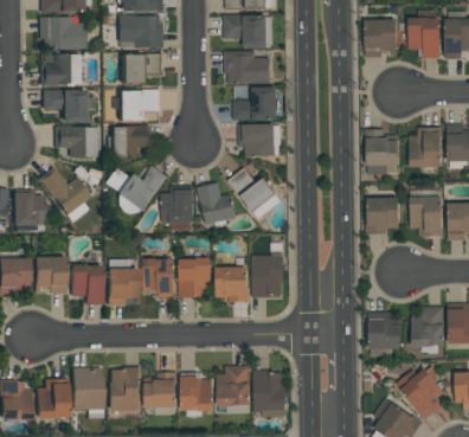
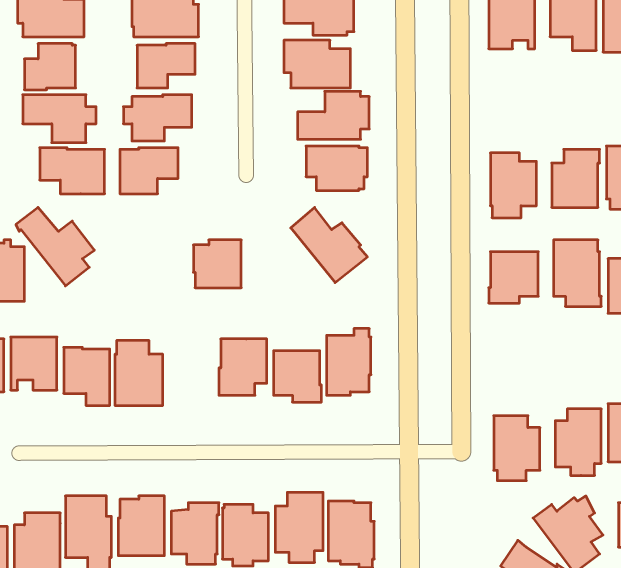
building: [104,166,168,212] -> none
building: [198,182,237,226] -> none
building: [143,252,175,300] -> none

